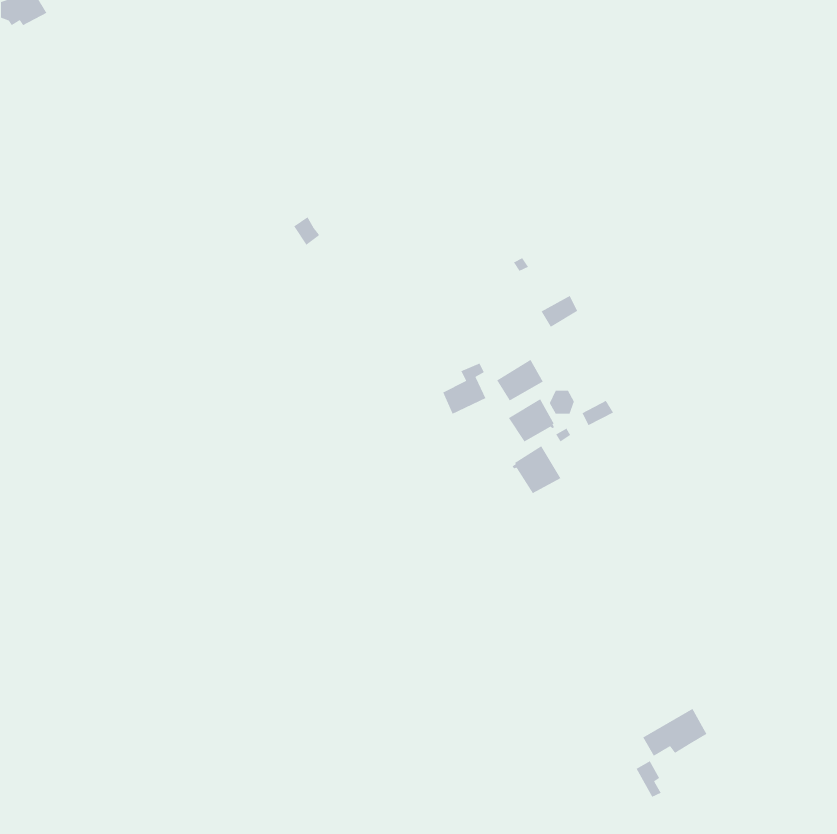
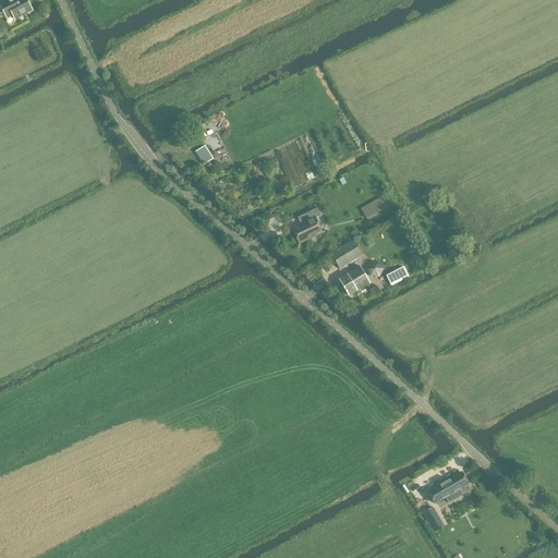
building: [442,363,486,415] -> [292,207,322,242]
building: [511,445,561,494] -> none

